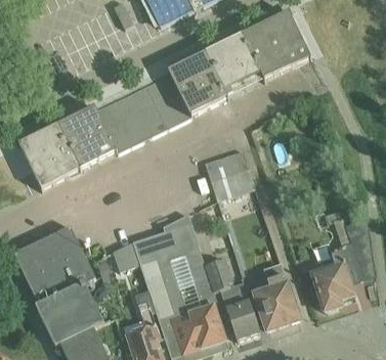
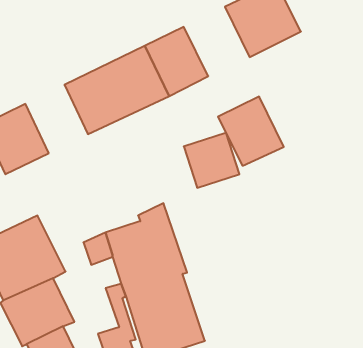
building: [205,35,265,98] -> [218,97,284,166]
building: [59,106,117,169] -> none
building: [310,210,362,311] -> none
building: [205,259,259,341] -> none
building: [254,265,299,330] -> none

